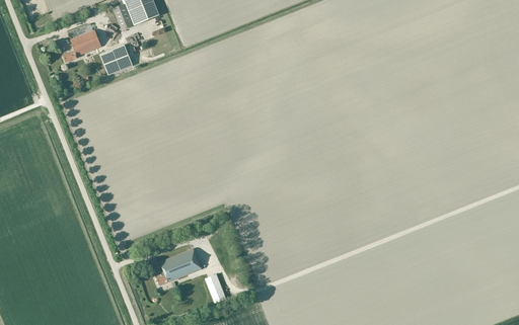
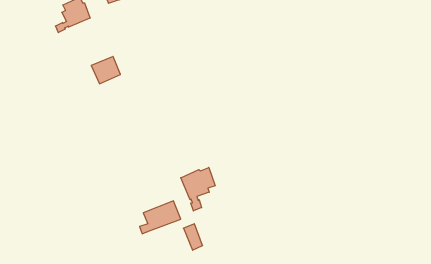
building: [100,45,133,75] -> [91,56,120,84]
building: none -> [181,167,215,211]

